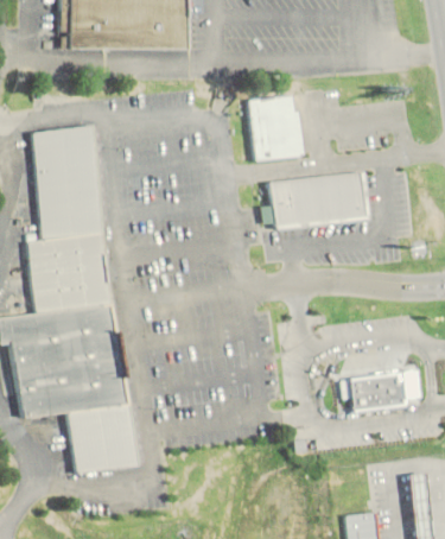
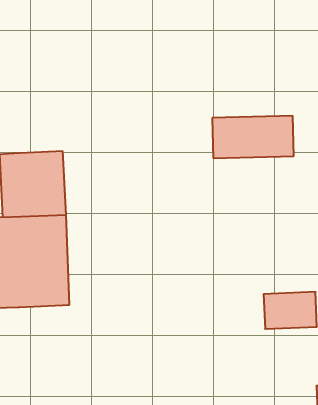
building: [248,96,299,160] -> none
building: [32,126,102,240] -> none
building: [68,405,132,473] -> none

